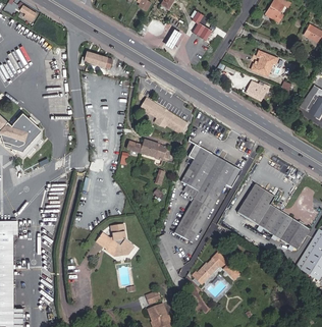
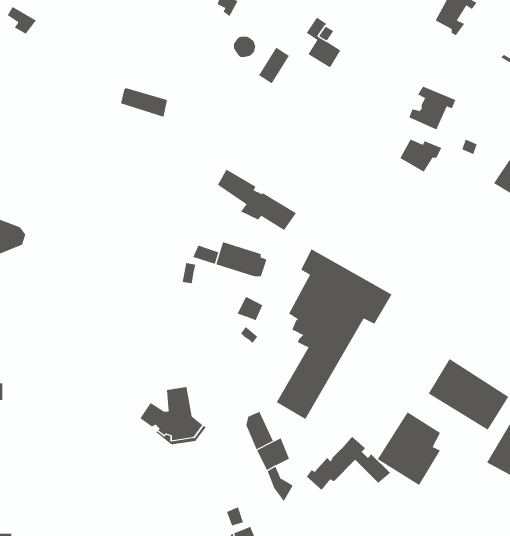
building: [237,184,274,227] -> [377,412,441,486]

